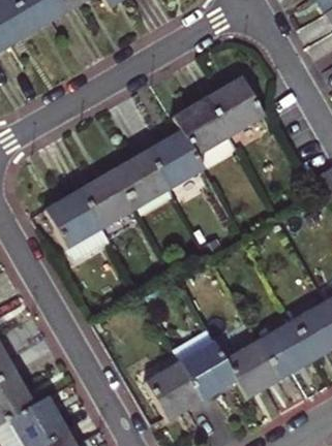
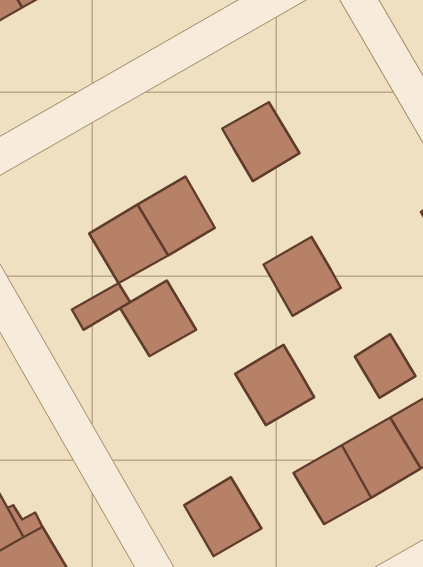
building: [206,77,263,134] -> none
building: [147,131,202,187] -> [263,237,341,316]
building: [46,191,99,245] -> [120,280,196,356]
building: none -> [355,334,416,398]
building: [179,343,235,400] -> [235,345,314,425]

